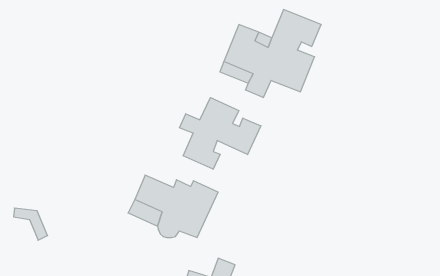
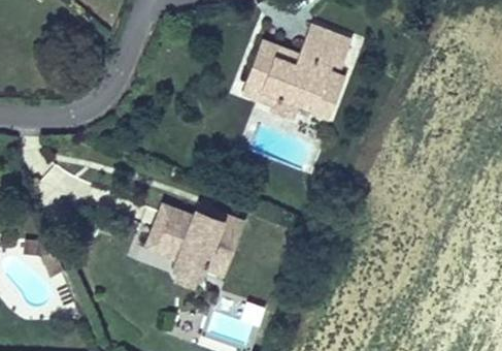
building: [180,98,261,169] -> none

